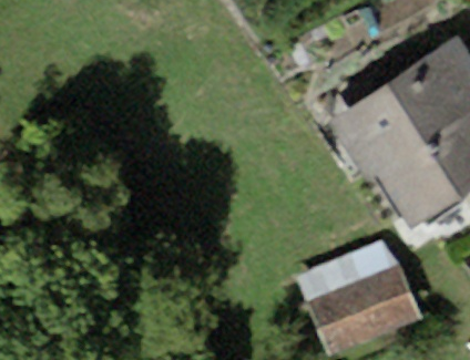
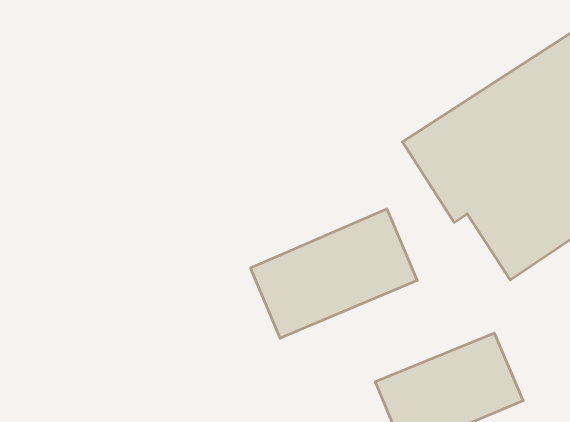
building: none -> [251,209,417,338]

